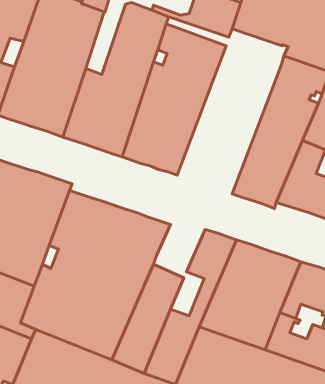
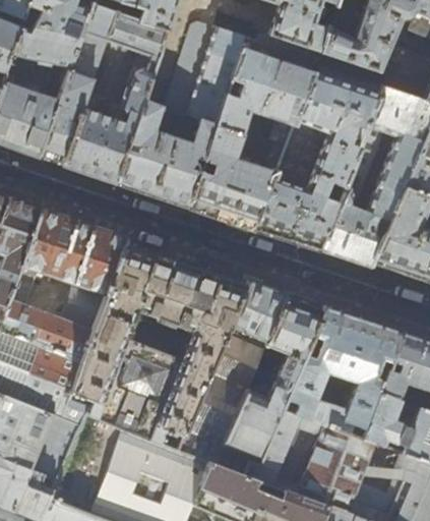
building: none -> [252,72,377,250]
building: none -> [228,280,286,341]

